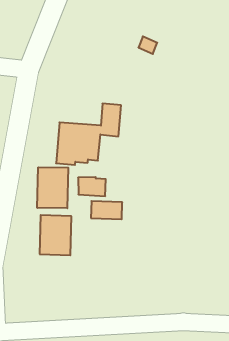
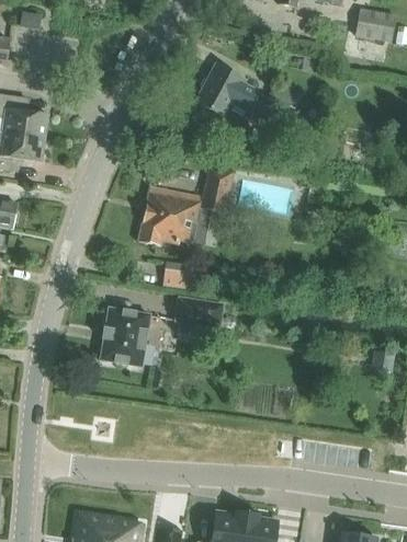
building: none -> [195,64,259,131]
building: [37,167,68,208] -> none

